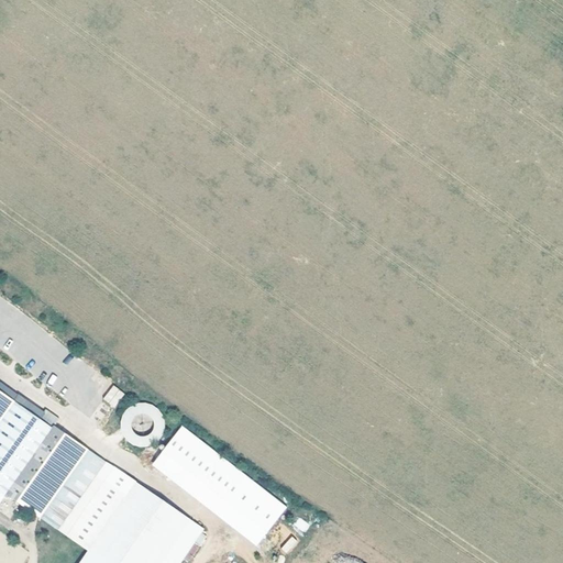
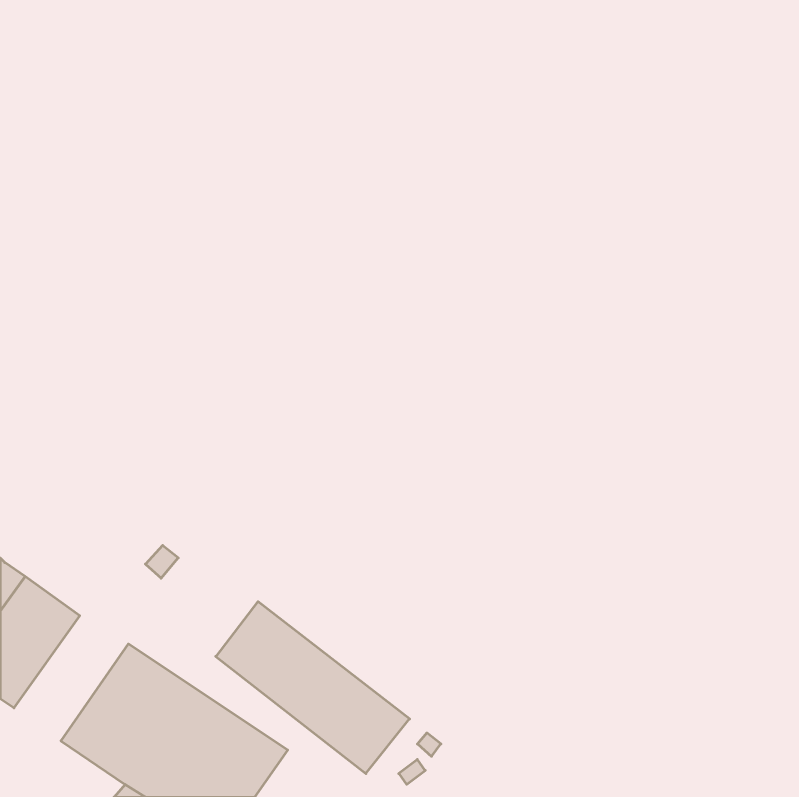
building: [10,431,90,521] -> none

